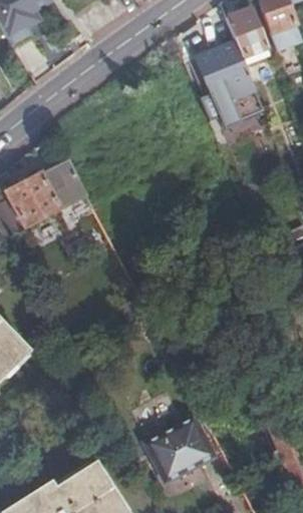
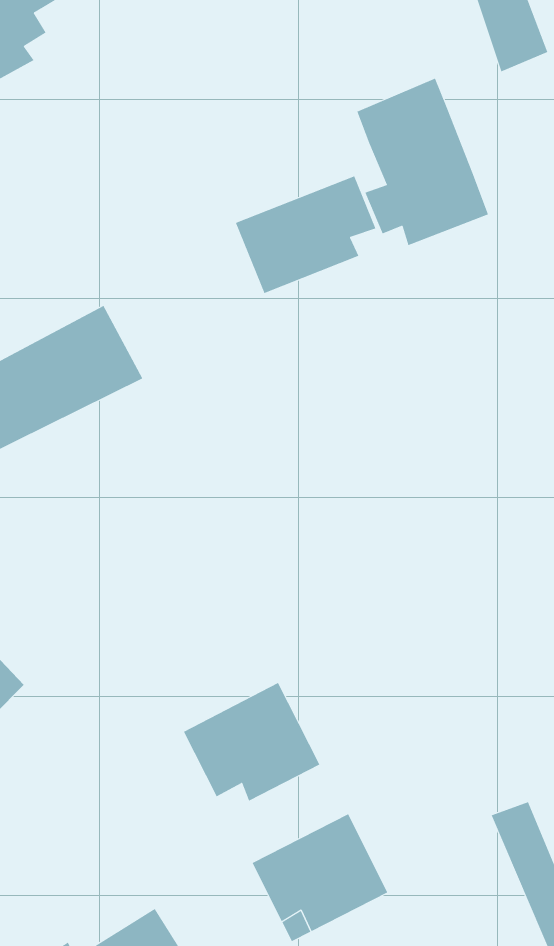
building: [229,7,268,57] -> none
building: none -> [235,175,376,294]
building: none -> [183,682,320,802]

